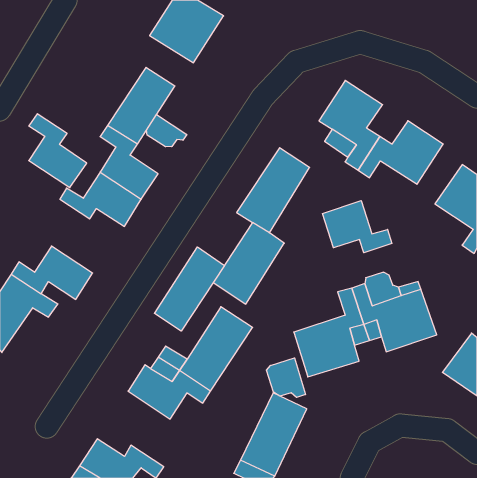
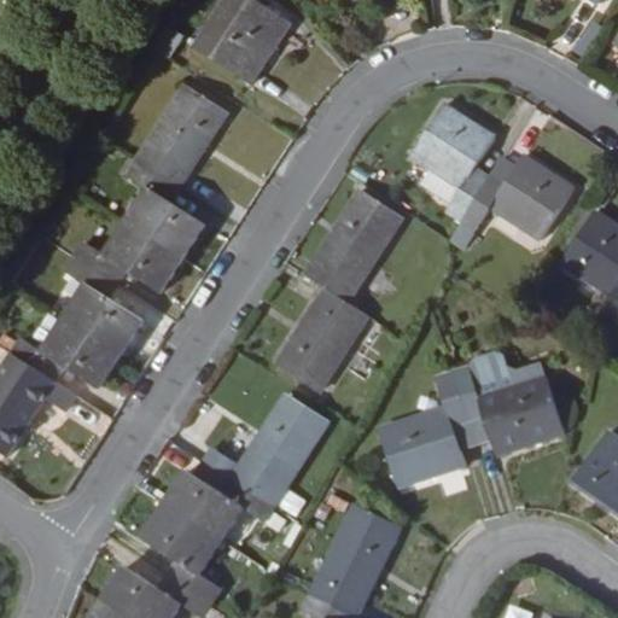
building: [29,114,87,188] -> [66,257,141,352]
building: [147,114,187,147] -> none
building: [323,201,392,253] -> none
building: [154,247,224,331] -> none
building: [266,358,305,397] -> none
building: none -> [144,505,220,602]

